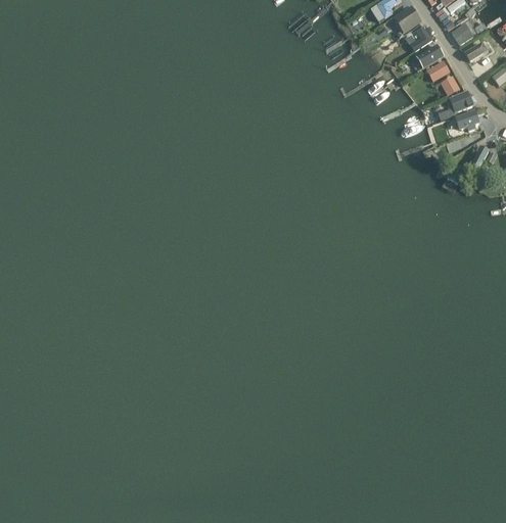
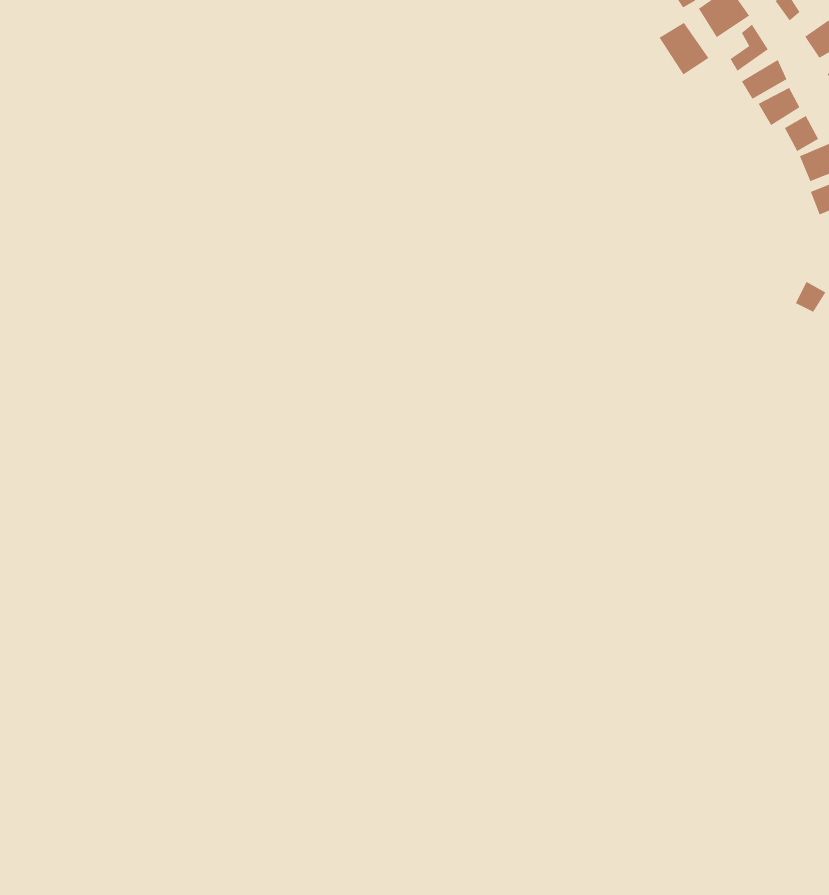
building: none -> [658,22,709,76]

